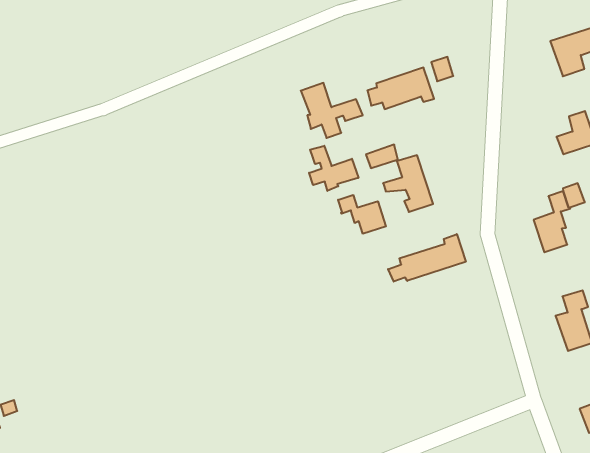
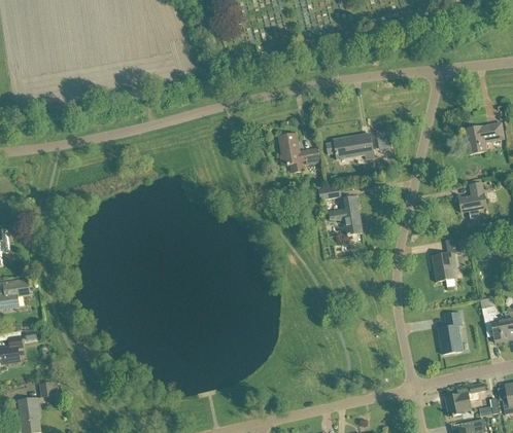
building: [309,146,358,191] -> none
building: [338,195,386,234] -> none
building: [388,234,466,282] -> none

